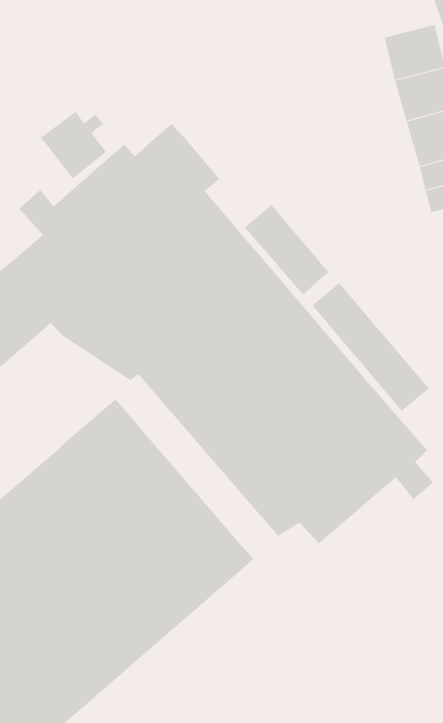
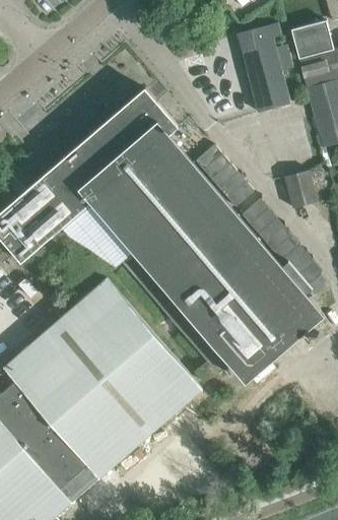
building: none -> [236,23,290,113]
building: [40,111,107,180] -> none
building: none -> [285,169,319,206]

